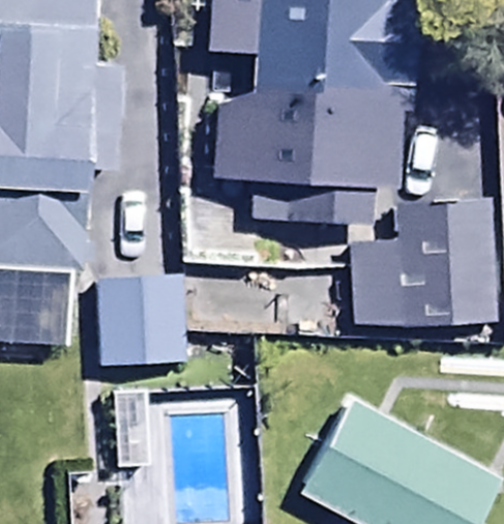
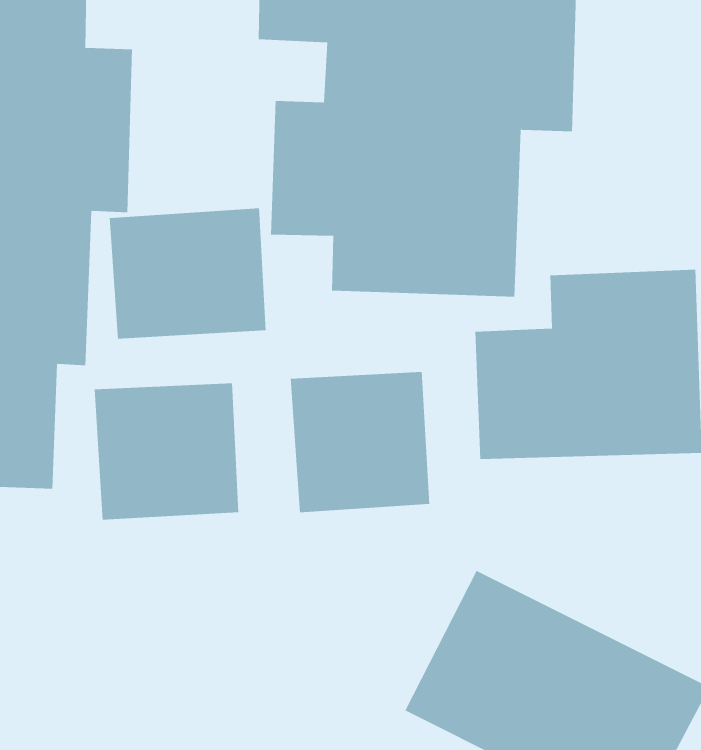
building: none -> [109,207,266,339]
building: none -> [290,371,430,513]

